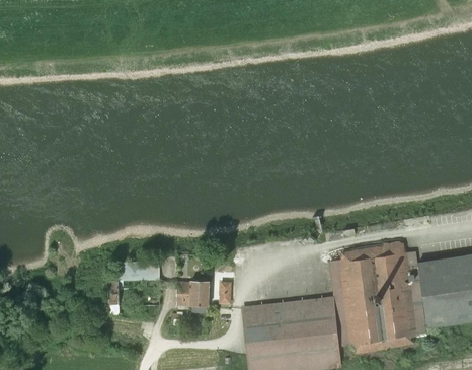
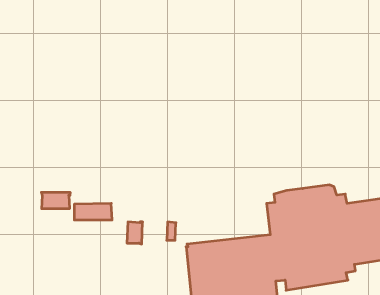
building: none -> [41,192,70,209]
building: [193,282,210,306] -> none

